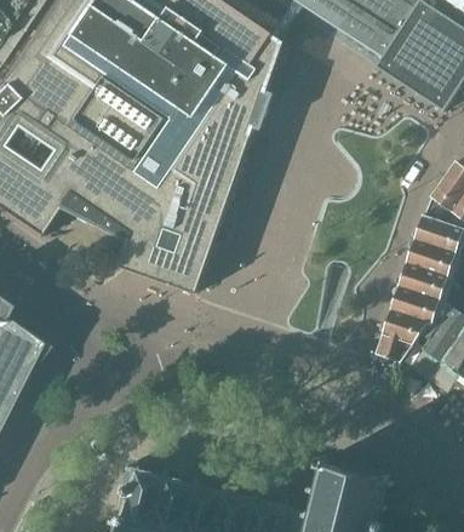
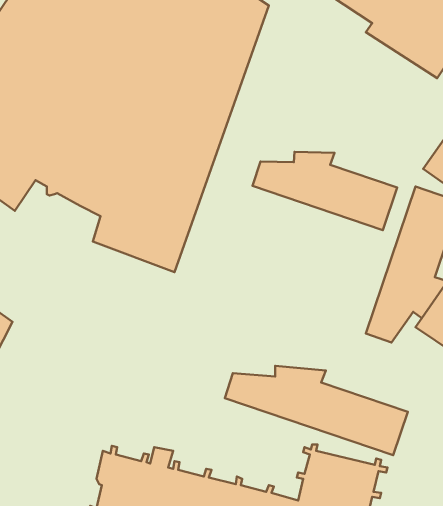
building: none -> [252,152,397,230]
building: none -> [225,366,408,455]

